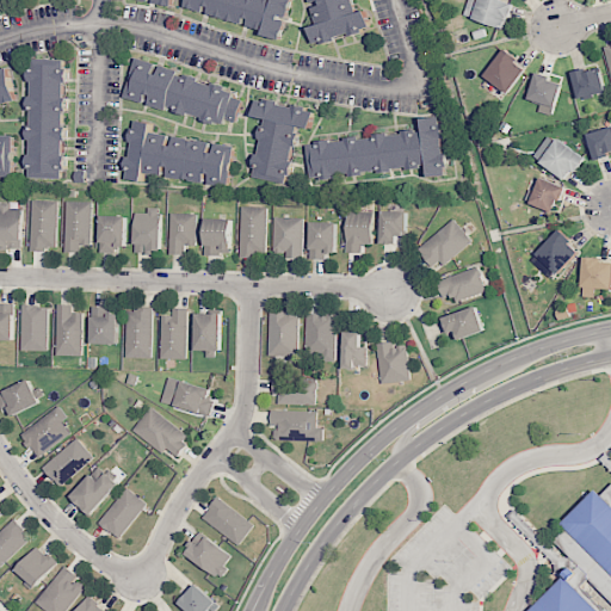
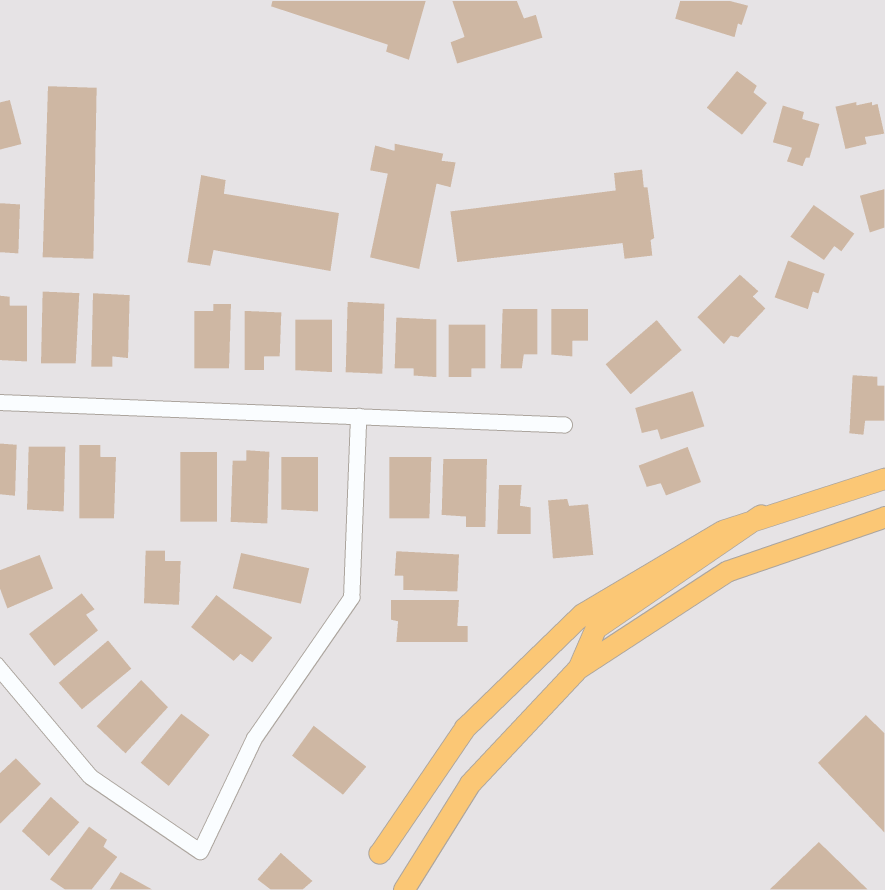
building: [126,61,234,126] -> none
building: [97,215,123,253] -> none
building: [530,230,578,279] -> [696,274,766,345]
building: [88,307,115,345] -> [143,550,181,605]
building: [181,532,232,578] -> none

